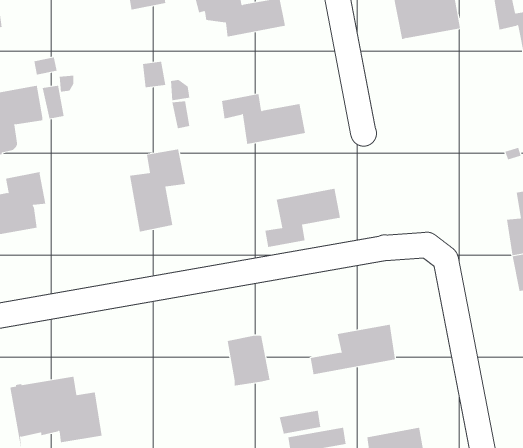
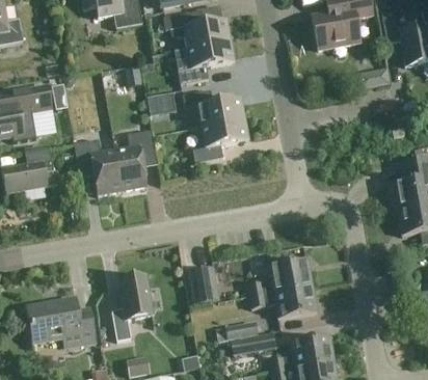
building: none -> [175,39,235,84]
building: none -> [75,139,123,195]
building: [265,188,341,248] -> [193,118,249,162]
building: none -> [112,274,153,341]
building: none -> [250,284,317,319]

